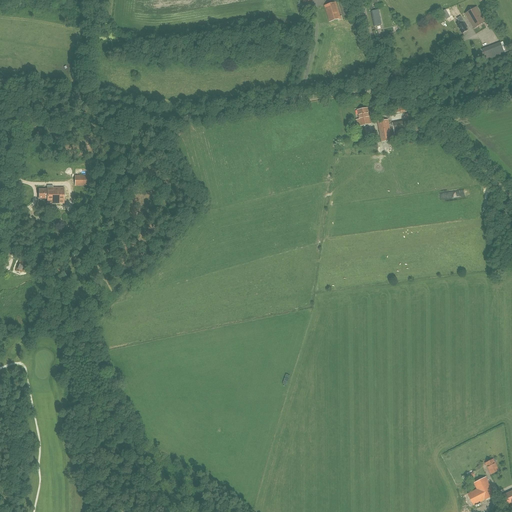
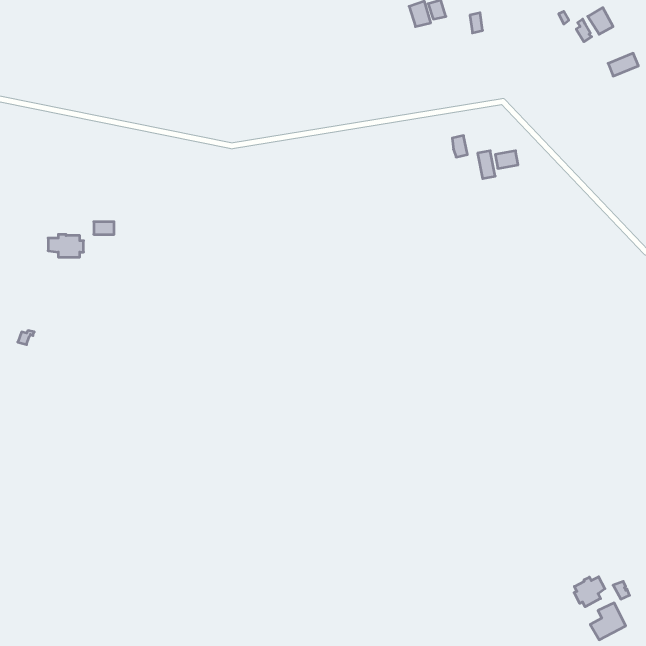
building: none -> [574,577,605,607]

